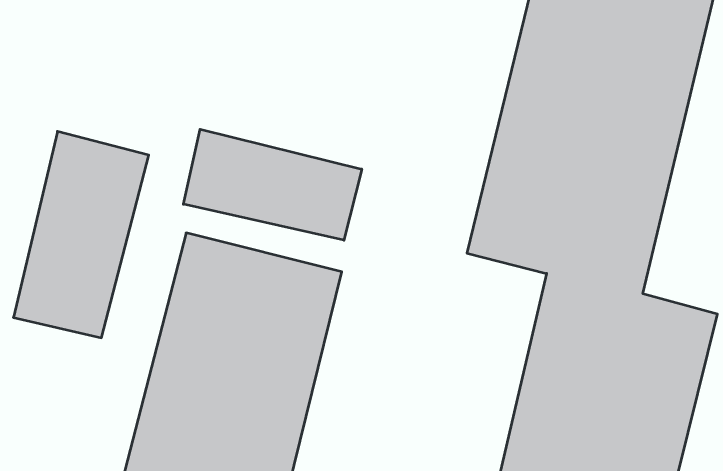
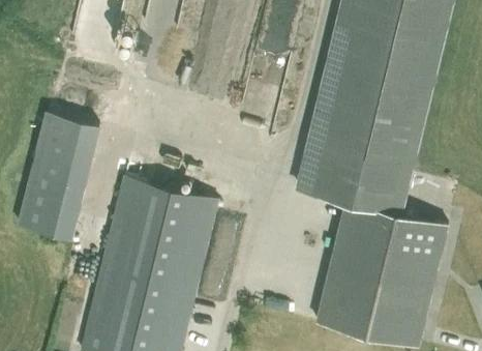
building: [183,129,362,240] -> none

